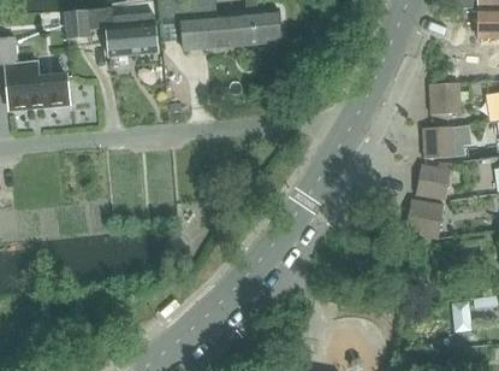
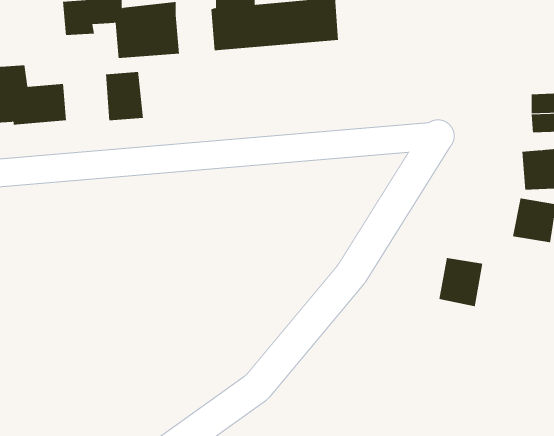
building: none -> [105,71,143,121]
building: [405,199,440,237] -> [438,257,483,307]

